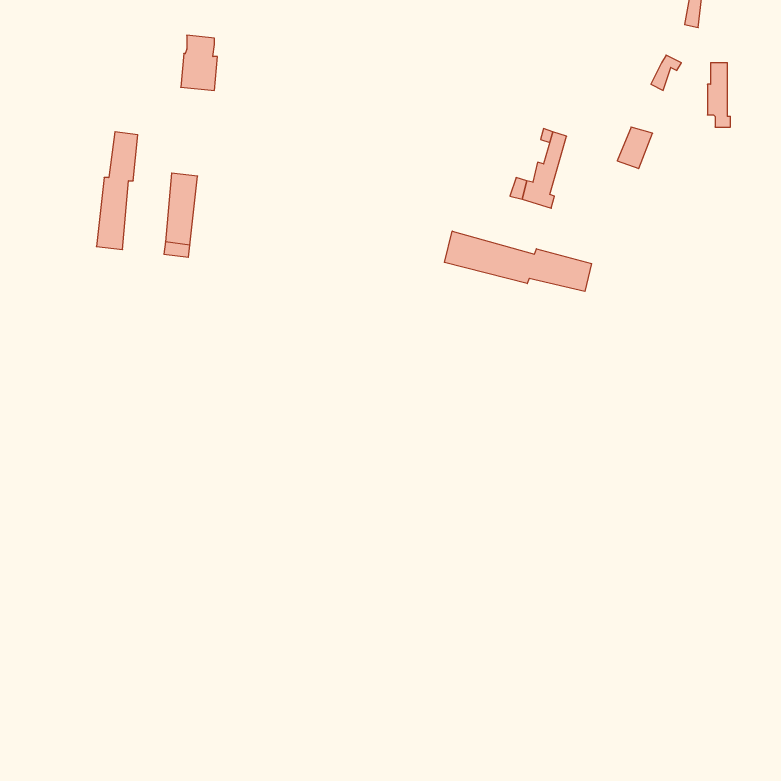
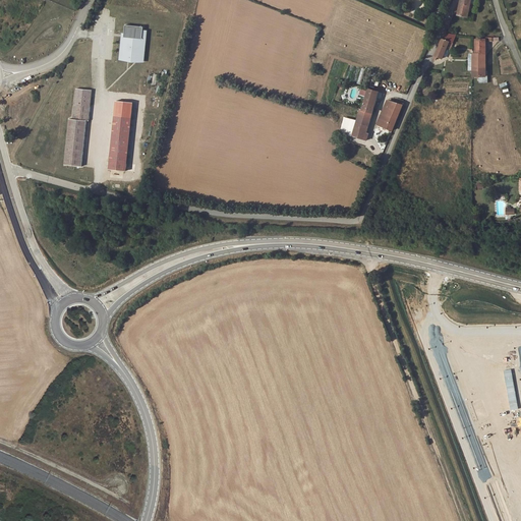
building: [617,127,653,169] -> [378,100,401,127]
building: [444,231,591,291] -> none

